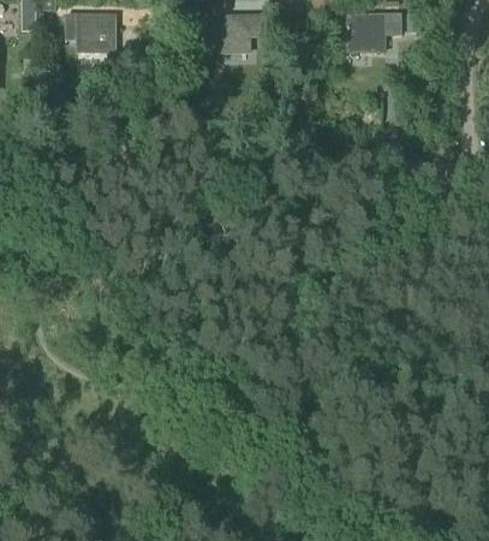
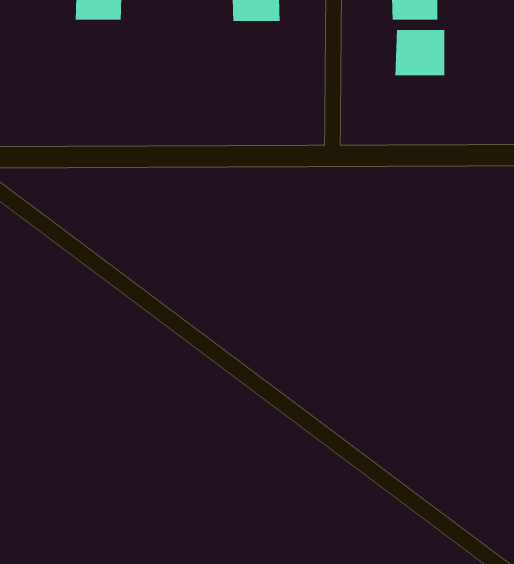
building: none -> [395,29,445,76]

